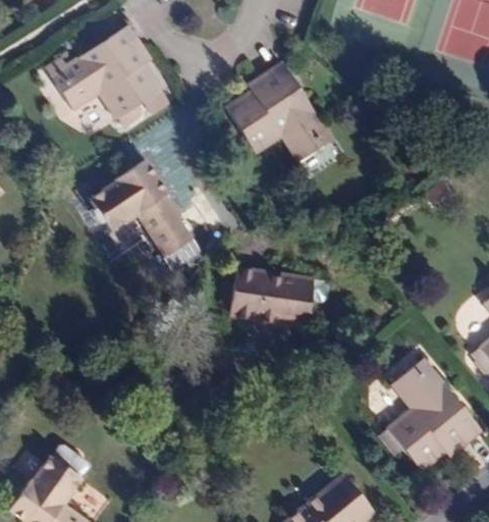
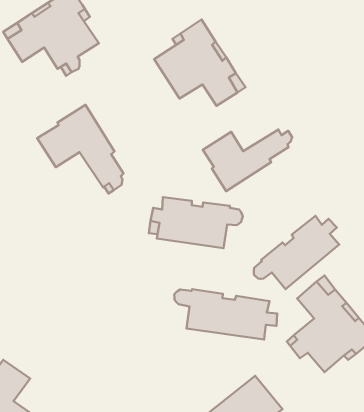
building: none -> [203,130,292,191]
building: none -> [254,216,339,289]
building: none -> [174,289,277,340]

